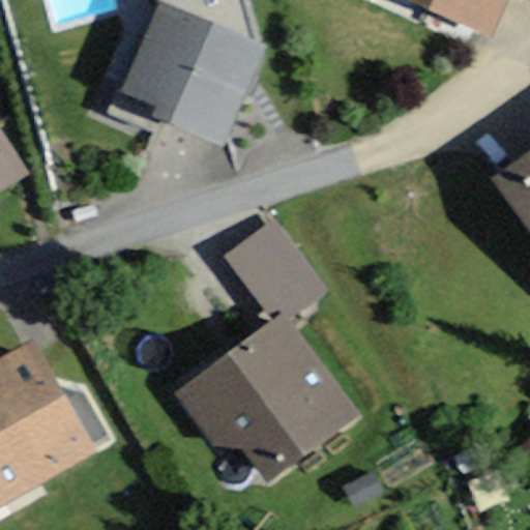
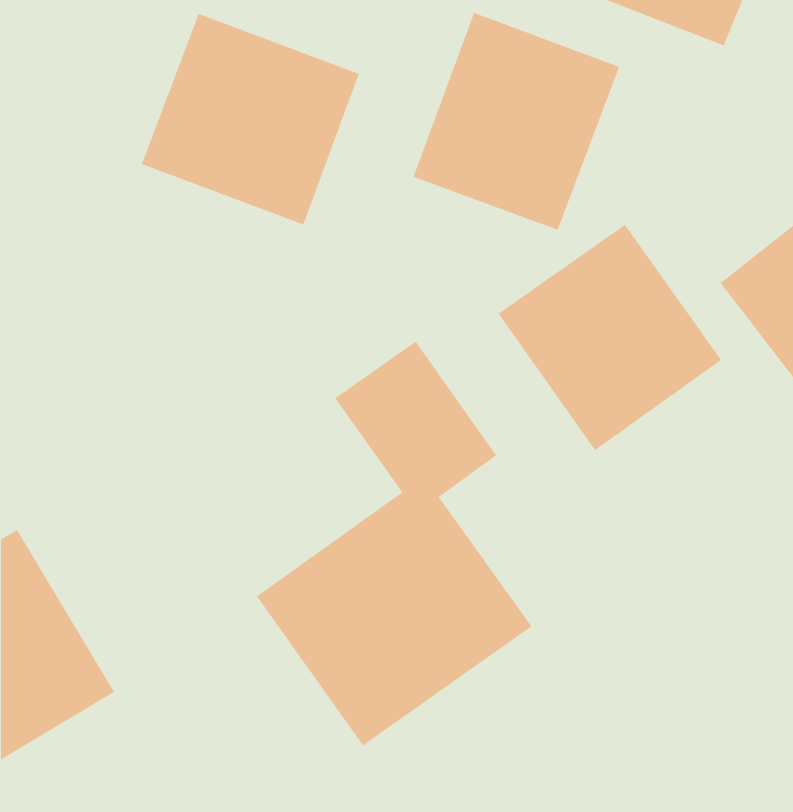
building: none -> [413,12,620,231]
building: none -> [498,224,722,451]

